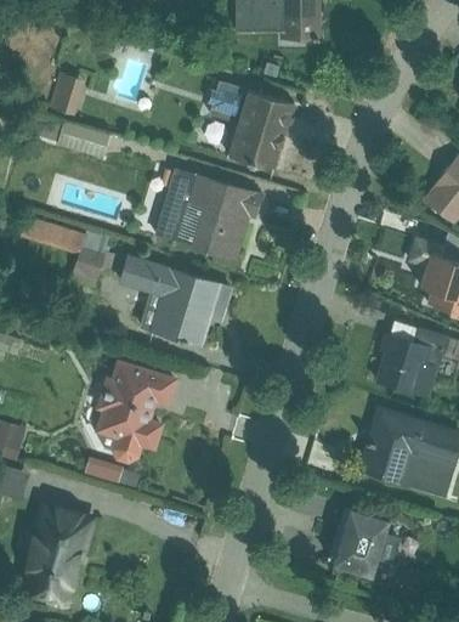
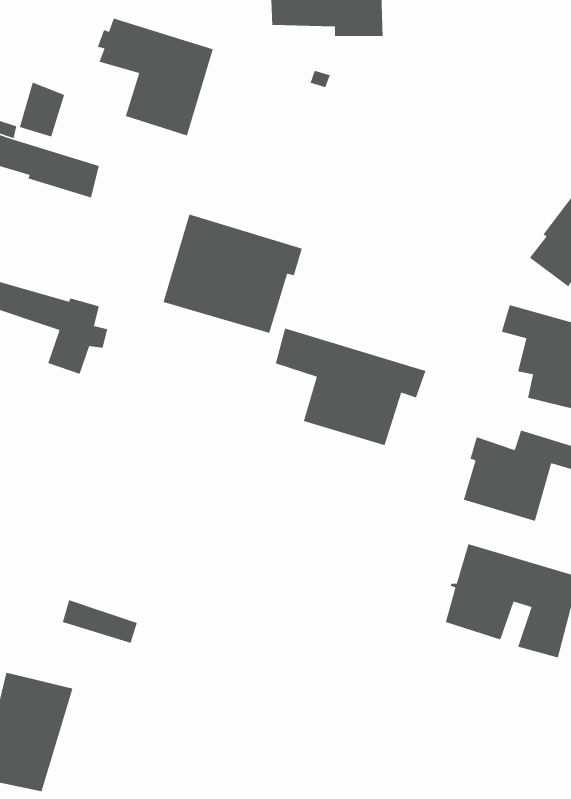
building: [209,81,295,169] -> [97,18,214,136]
building: [120,256,232,344] -> [275,328,427,446]
building: [96,362,175,460] -> none
building: [334,508,395,577] -> none

